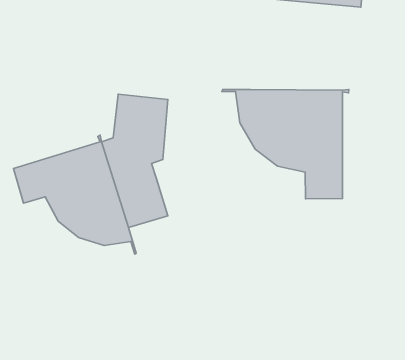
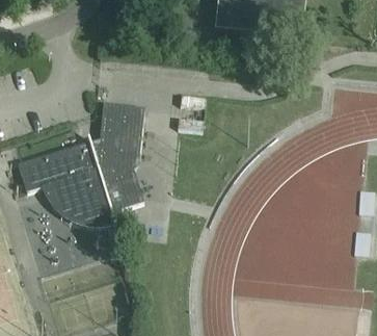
building: [222,89,349,199] -> none

